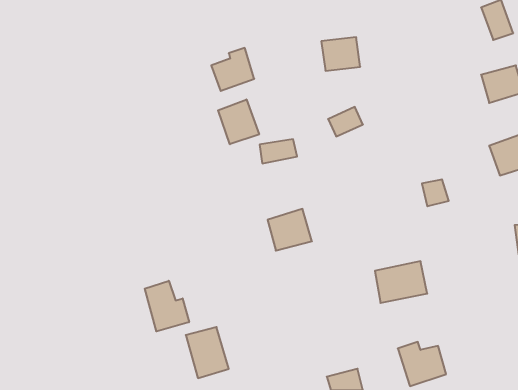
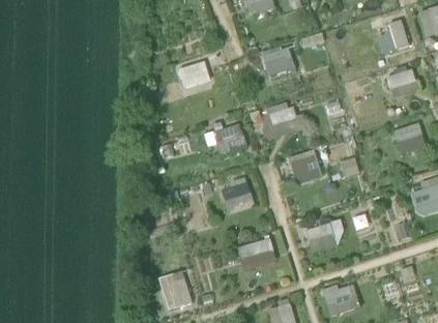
building: [218,99,259,144] -> none
building: none -> [290,152,322,185]
building: [145,281,189,331] -> none
building: none -> [234,237,276,272]

